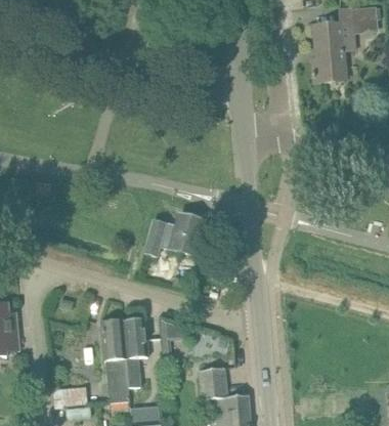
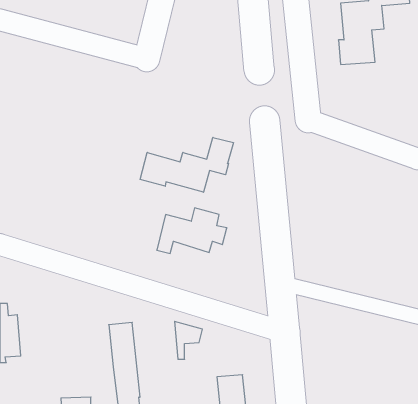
building: none -> [140,137,233,192]
building: [122,317,147,388] -> none

